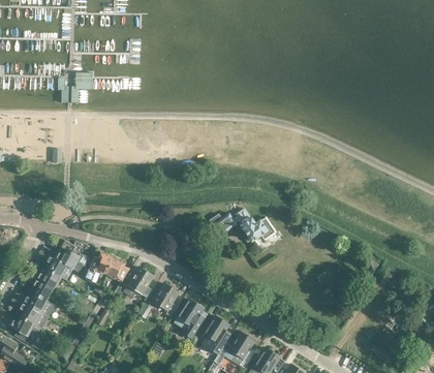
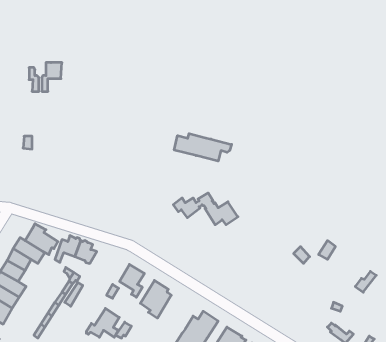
building: none -> [174,134,232,161]
building: [118,267,152,297] -> [86,308,119,337]
building: [200,315,233,353] -> none

